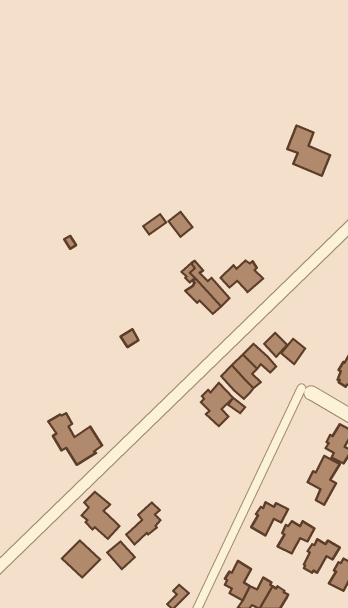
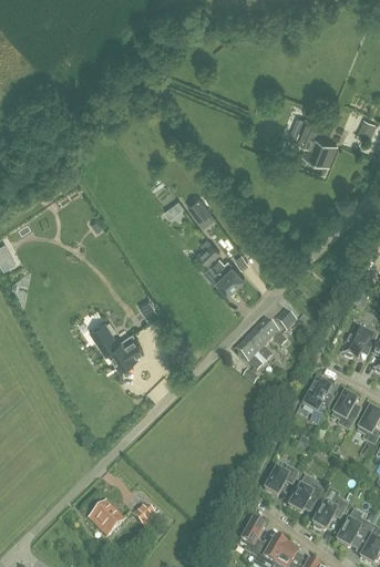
building: [221,260,263,292] -> none
building: [201,383,233,426] -> none
building: [48,413,102,465] -> [92,319,142,367]
building: [307,456,340,505] -> [301,379,331,424]
building: [81,492,120,539] -> none
building: [126,502,160,545] -> none

